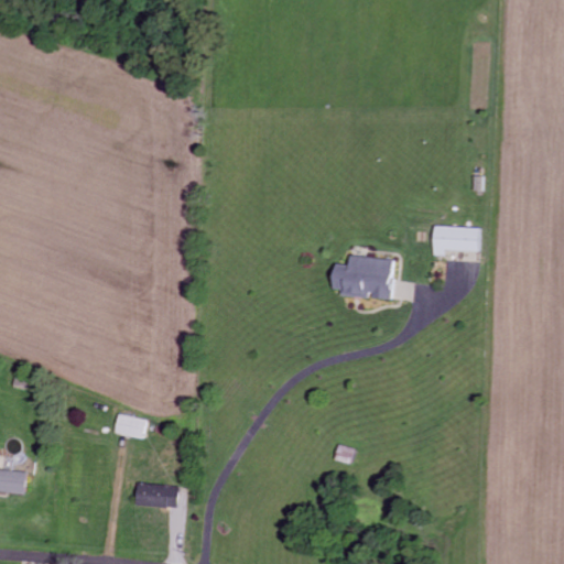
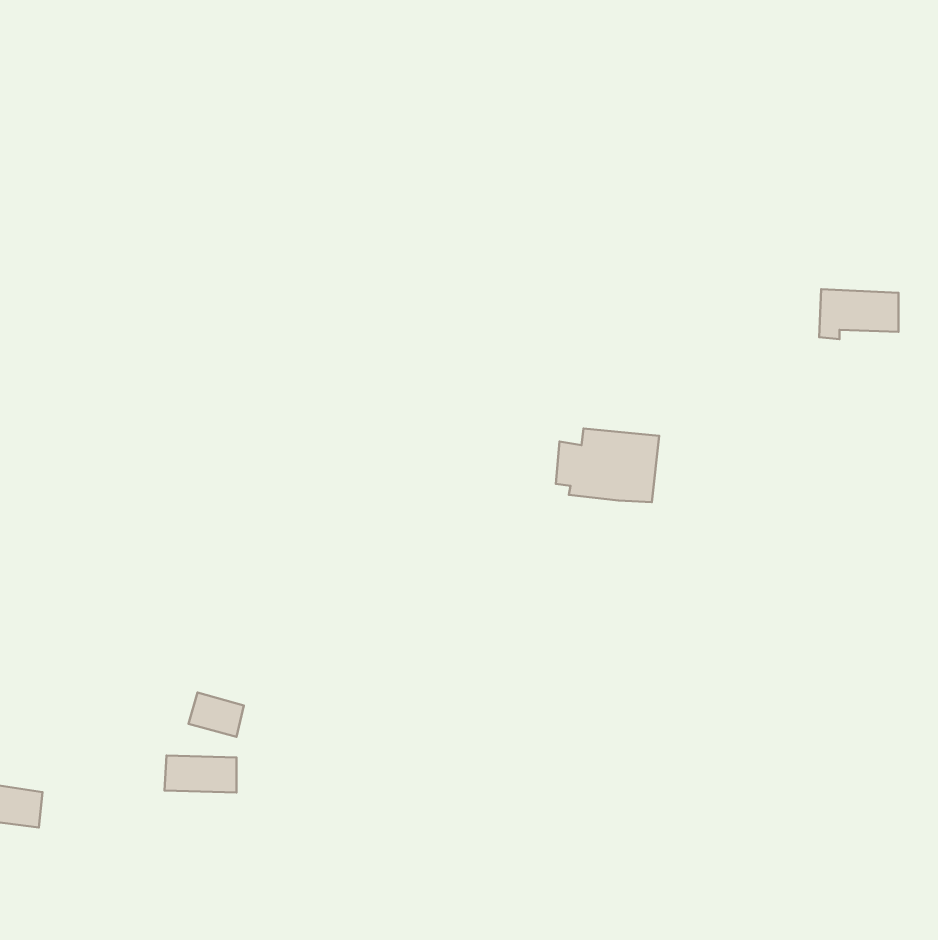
building: [432,226,479,256] -> [819,289,899,339]
building: [134,485,177,507] -> [165,756,237,792]

